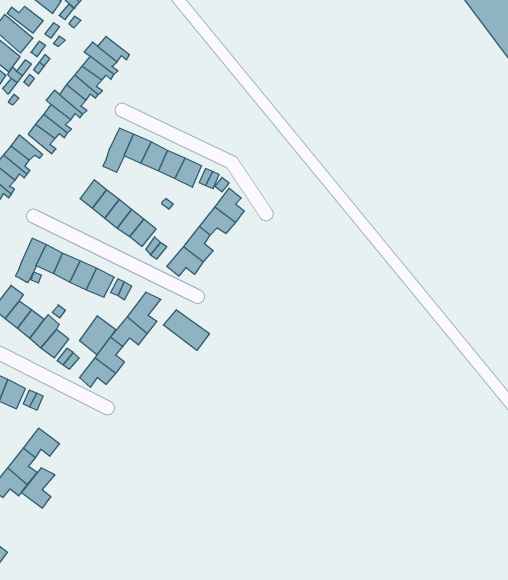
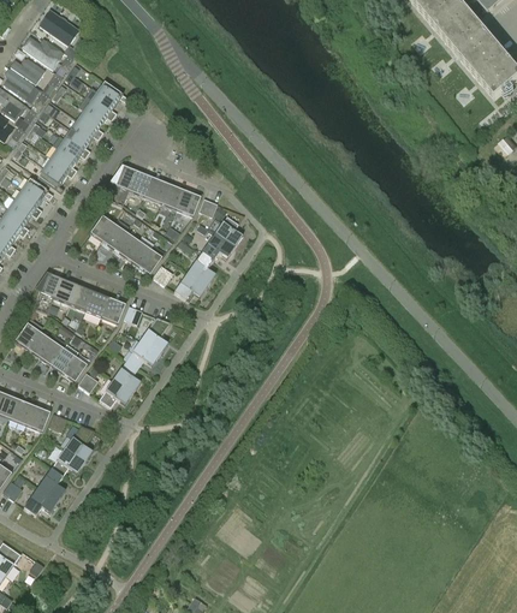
building: [163,310,209,350] -> none
building: [80,316,116,355] -> none
building: [21,468,55,508] -> [64,424,94,462]

